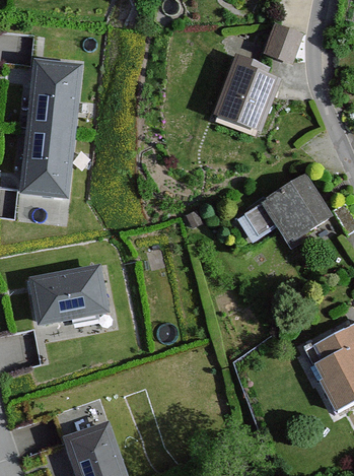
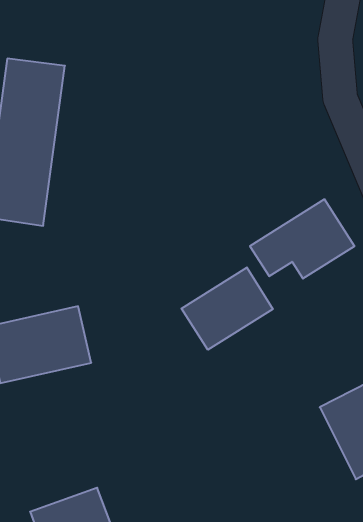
building: [262,24,302,64] -> none
building: [210,54,279,132] -> none
building: none -> [181,267,273,350]

